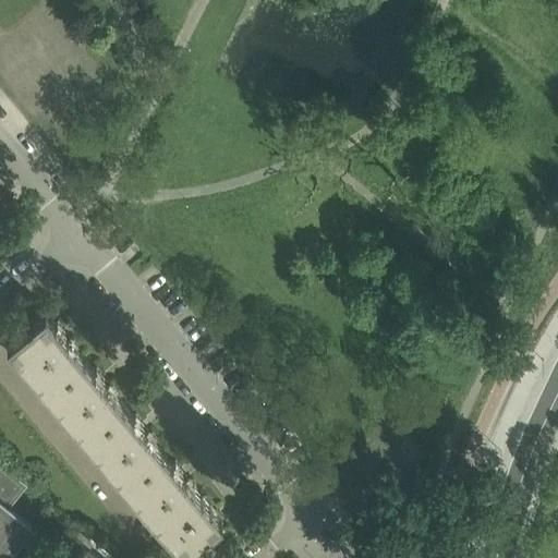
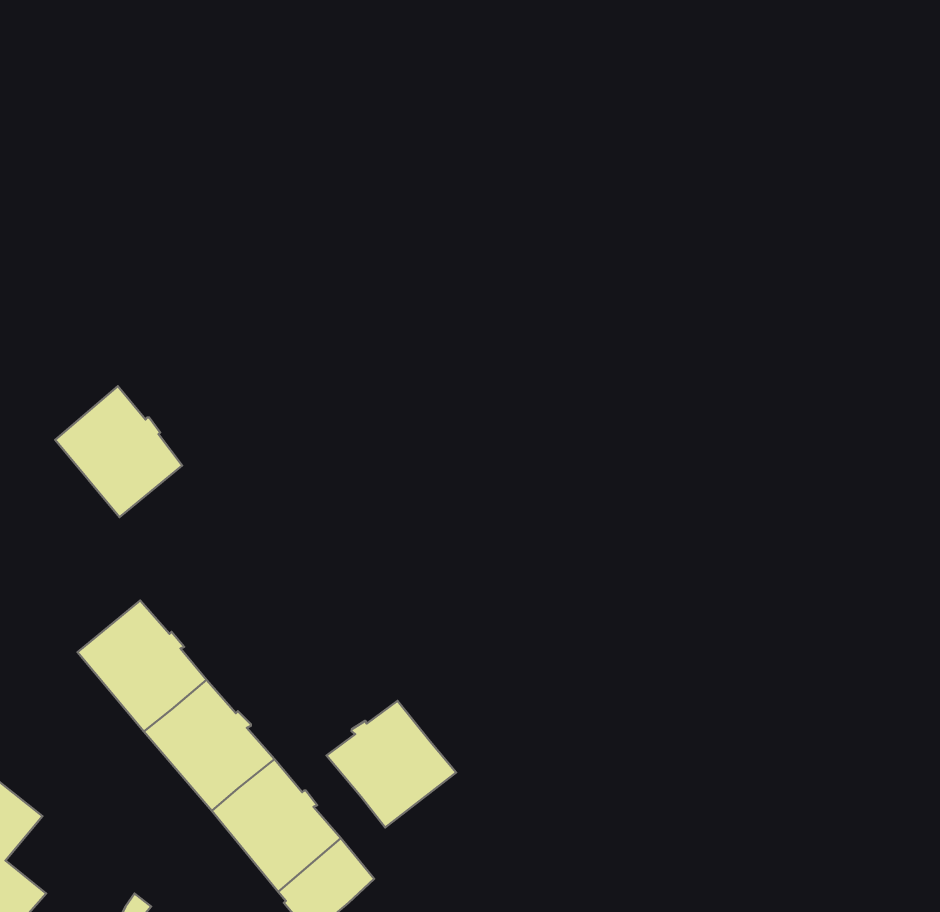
building: [8,326,83,403] -> [55,386,182,517]
building: none -> [326,701,456,827]

